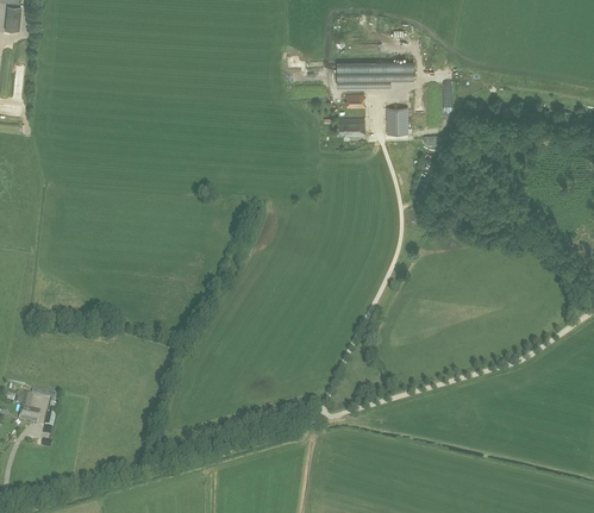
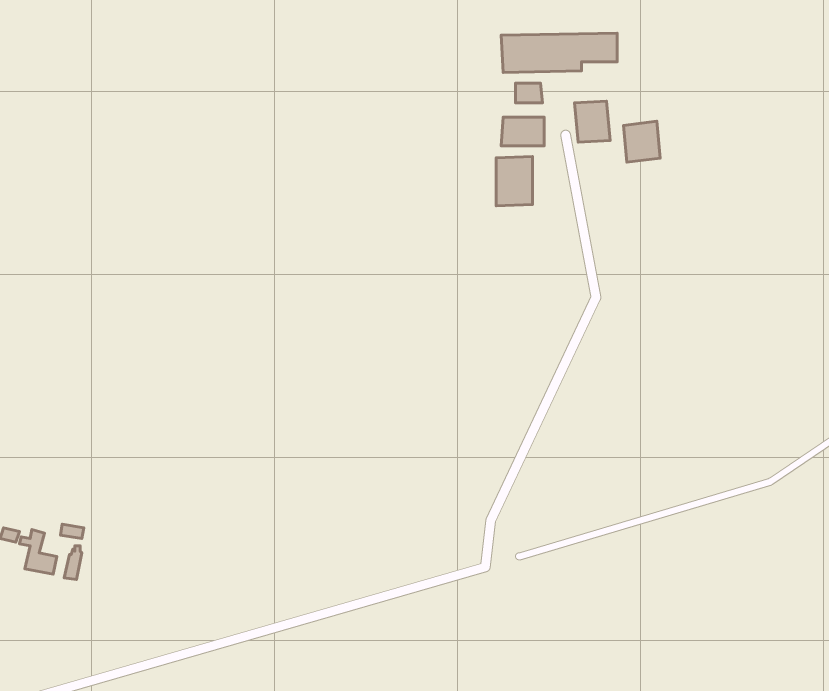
building: none -> [624,121,660,162]
building: none -> [496,156,532,206]

